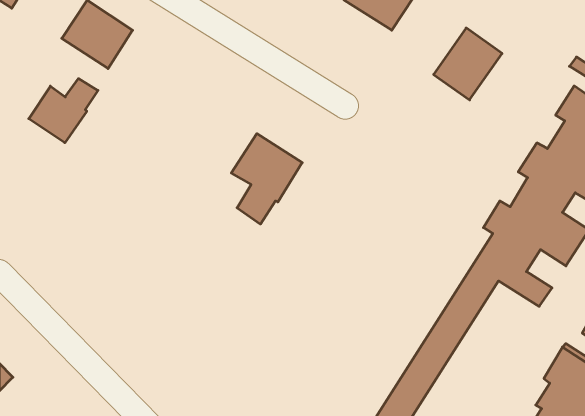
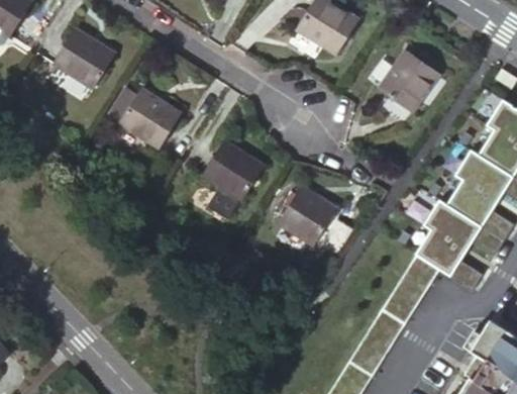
building: none -> [120,87,182,144]
building: [29,79,98,143] -> none
building: none -> [279,186,334,241]

